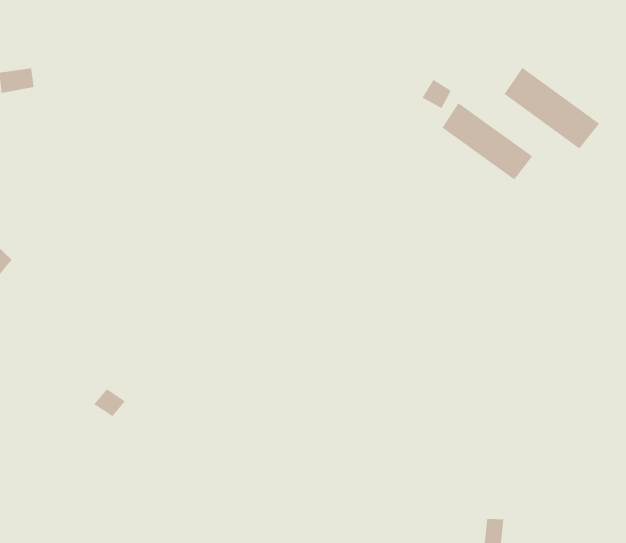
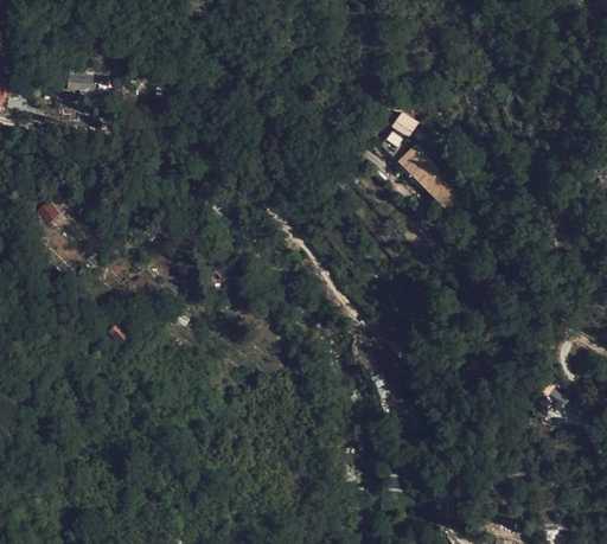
building: [503,67,600,149] -> none

